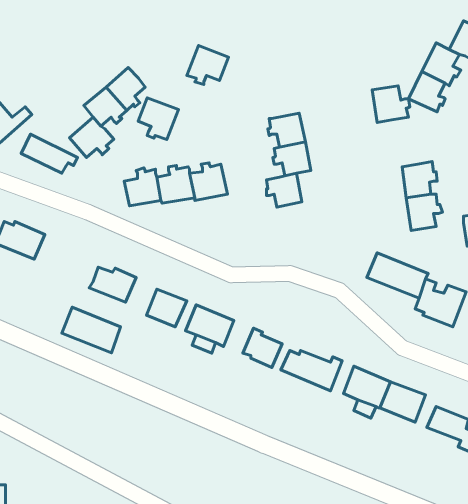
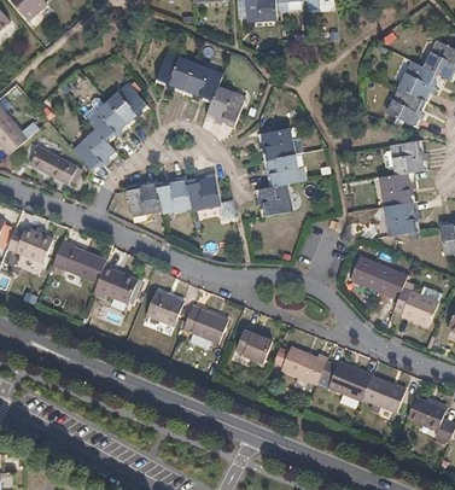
building: none -> [206,88,245,124]
building: [372,86,410,122] -> [392,141,427,175]
building: [138,98,178,139] -> [157,54,194,93]
building: [62,307,121,353] -> [51,241,105,284]

